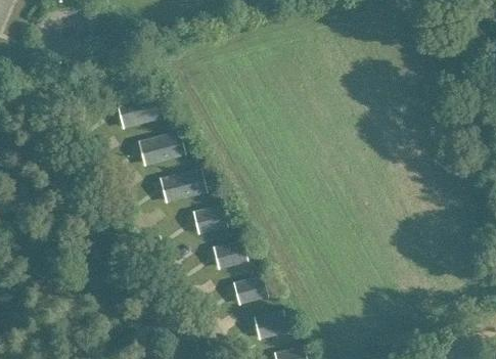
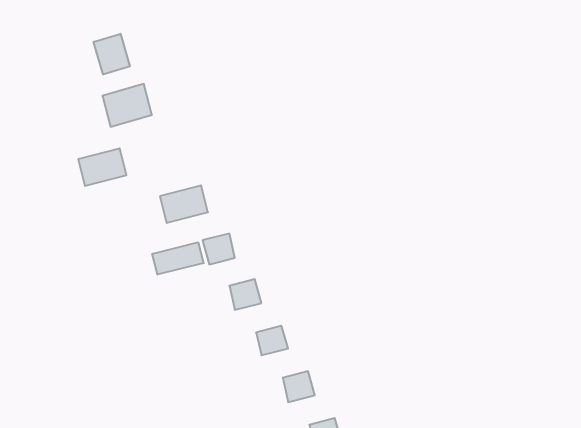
building: none -> [94,34,130,74]
building: [140,135,177,164] -> [78,148,126,186]
building: none -> [152,242,204,275]

